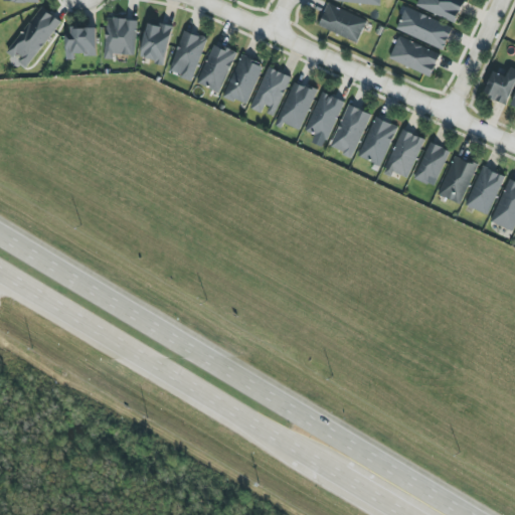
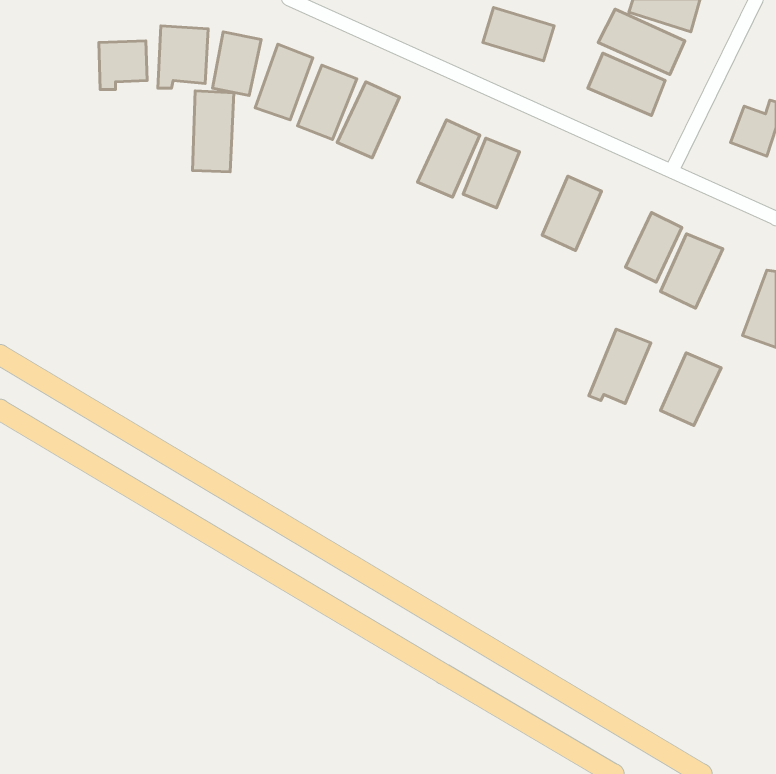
building: [7,6,61,66] -> none
building: none -> [193,91,234,172]
building: [250,66,292,115] -> none
building: [331,104,372,157] -> none
building: [384,129,425,178] -> [589,329,651,403]
building: [466,166,506,214] -> [660,353,721,426]

